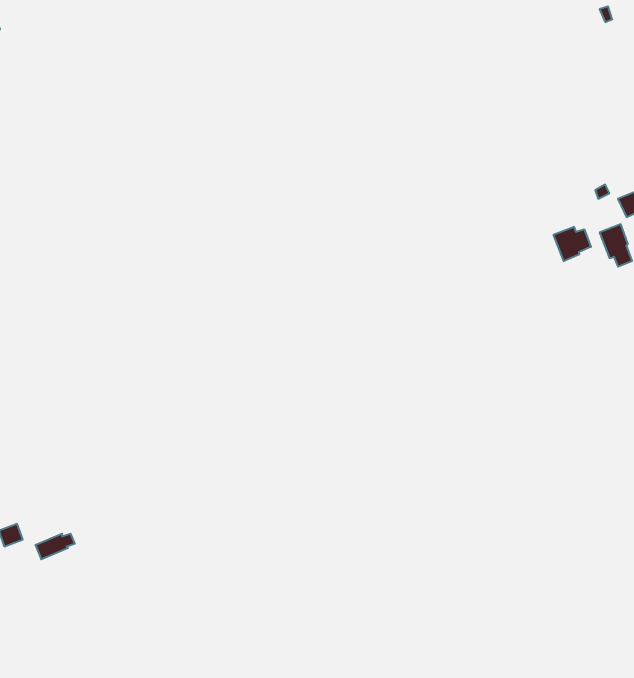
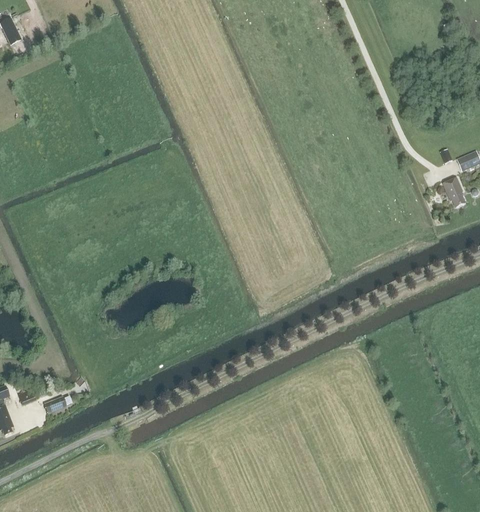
building: [554,227,591,261] -> none

